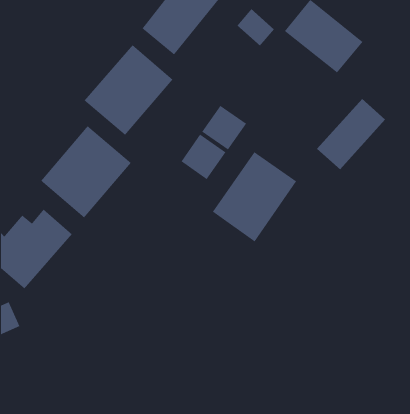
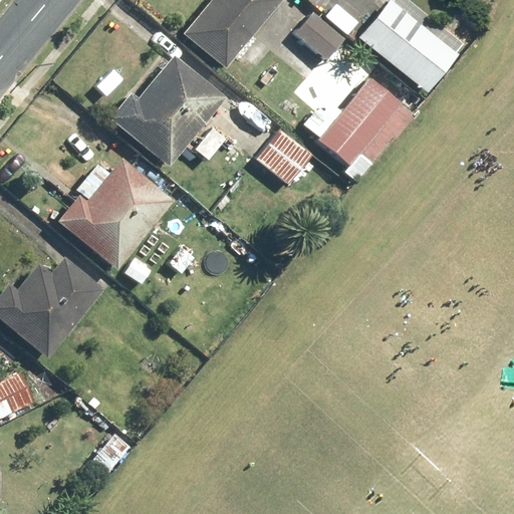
building: [316,98,386,170] -> [319,76,405,165]
building: [180,134,226,180] -> none
building: [212,151,297,243] -> none

